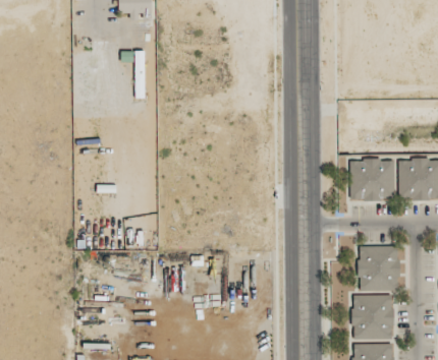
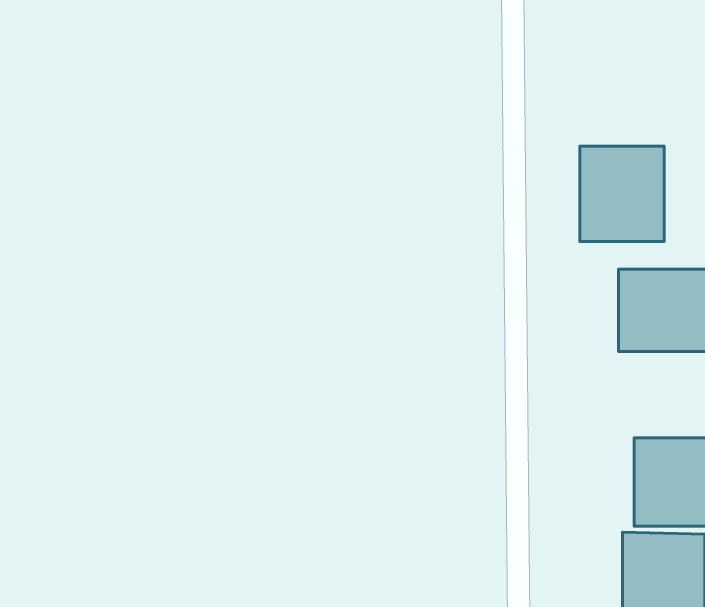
building: none -> [580,146,664,242]

